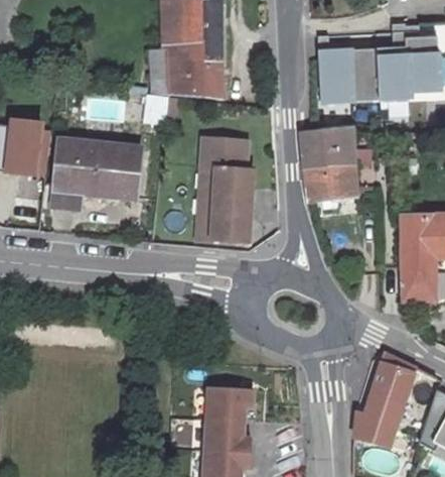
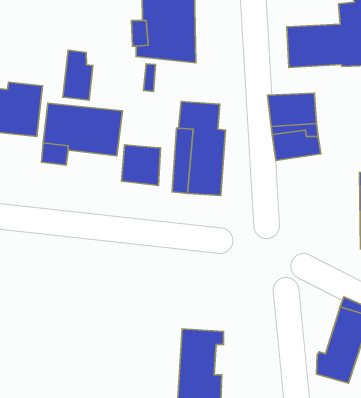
building: none -> [63,50,93,100]
building: none -> [121,145,160,186]

